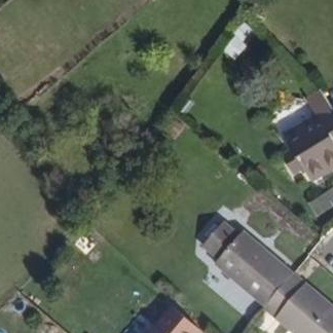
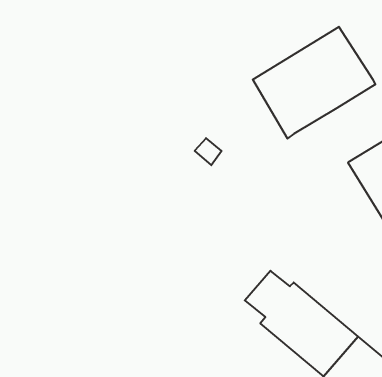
building: none -> [253,27,375,139]

